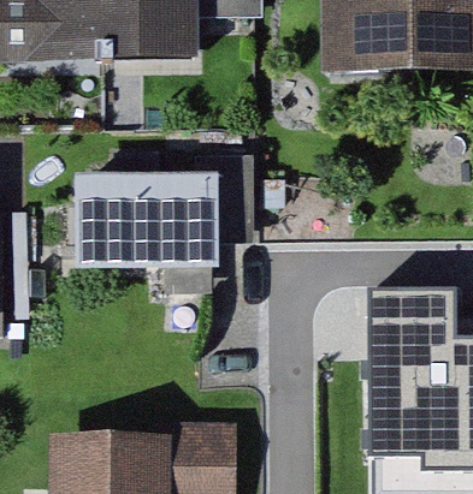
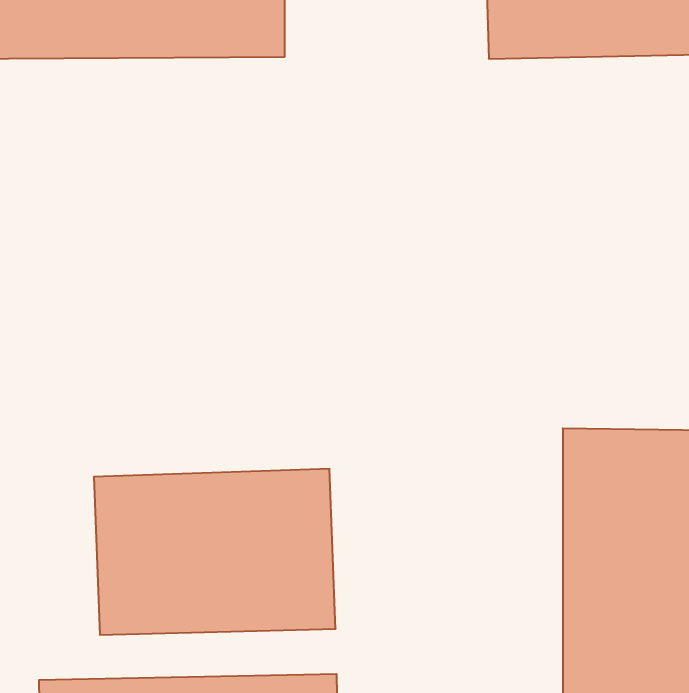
building: [73,169,219,269] -> [94,469,336,635]

